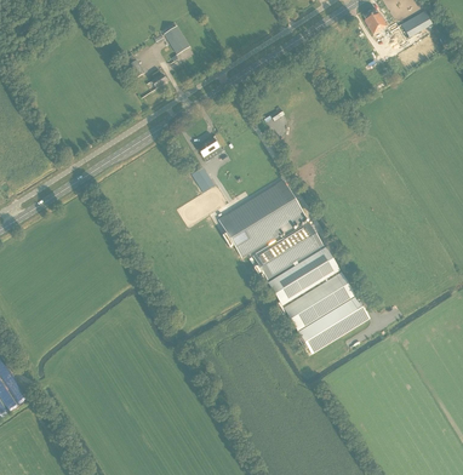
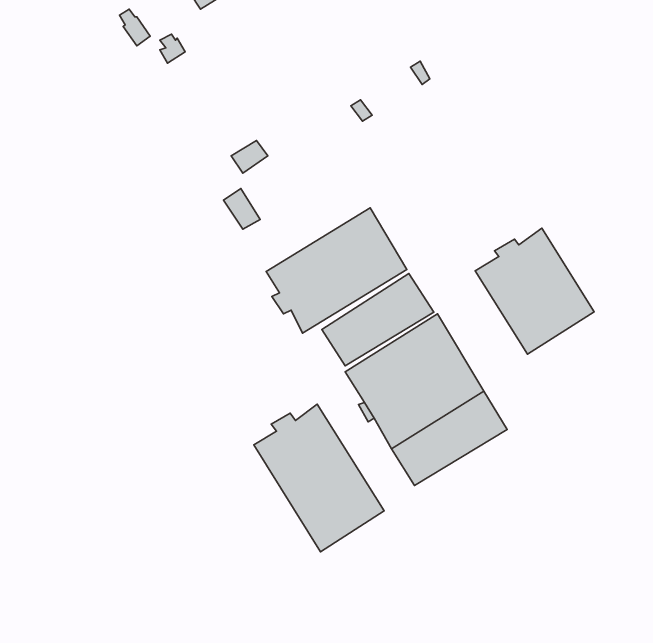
building: none -> [475,228,594,354]
building: none -> [254,404,384,552]

